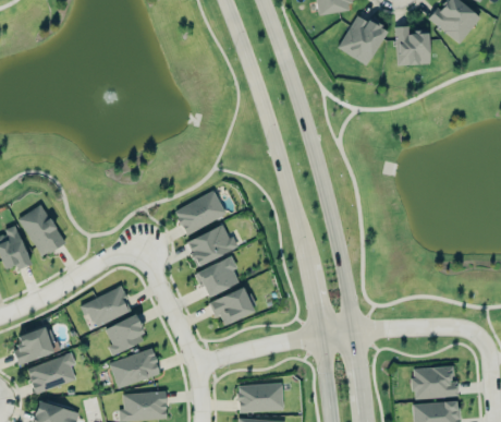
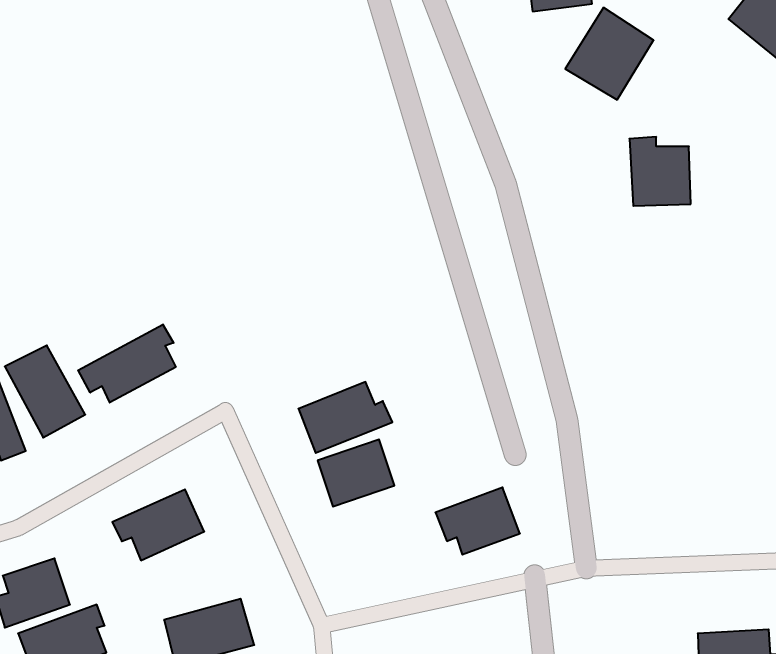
building: [394,26,429,65] -> [629,137,691,206]
building: [173,191,225,234] -> none
building: none -> [78,324,176,403]
building: [208,287,256,325] -> [435,487,520,555]
building: [102,315,146,354] -> none

